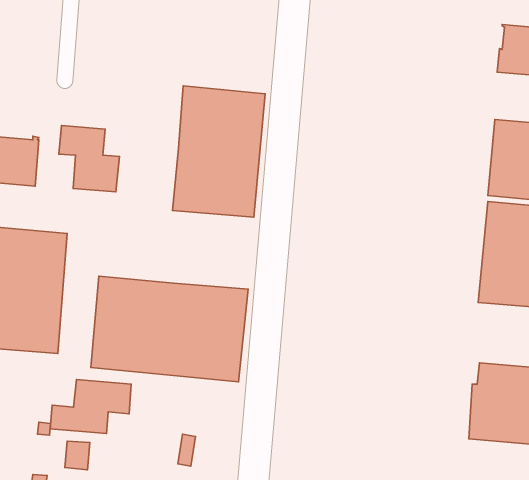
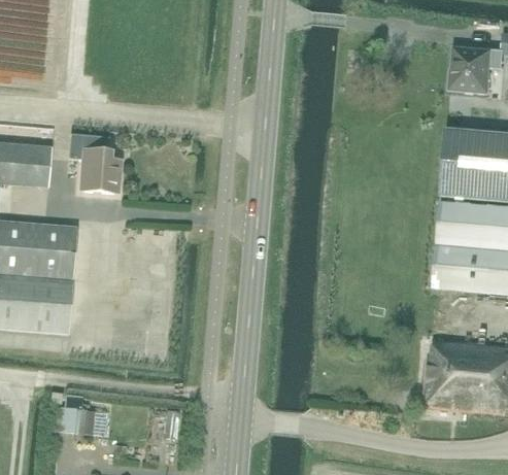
building: [173,86,265,217] -> none
building: [91,276,248,382] -> none
building: [50,379,131,434] -> none

